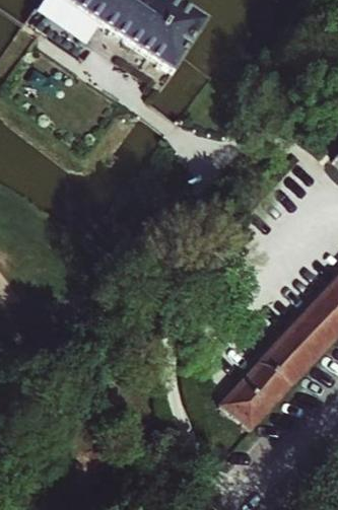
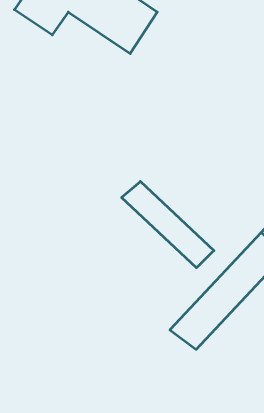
building: none -> [122,181,214,268]

